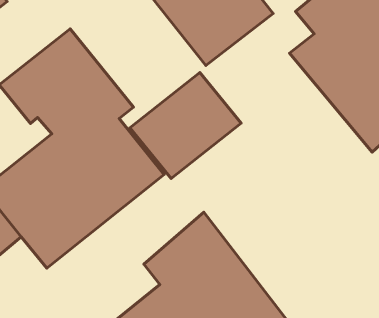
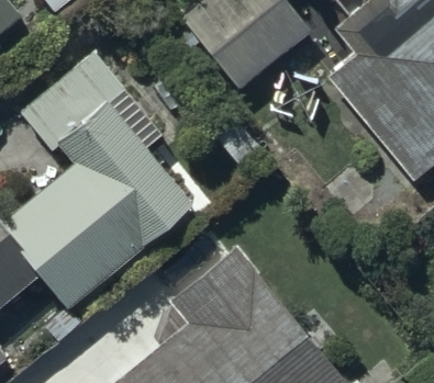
building: [130,73,241,178] -> none

